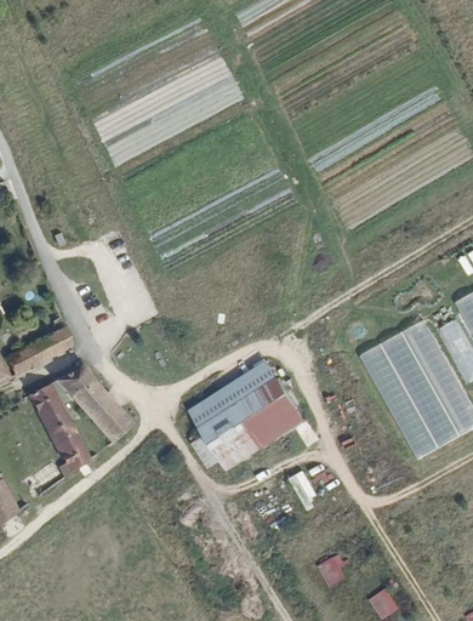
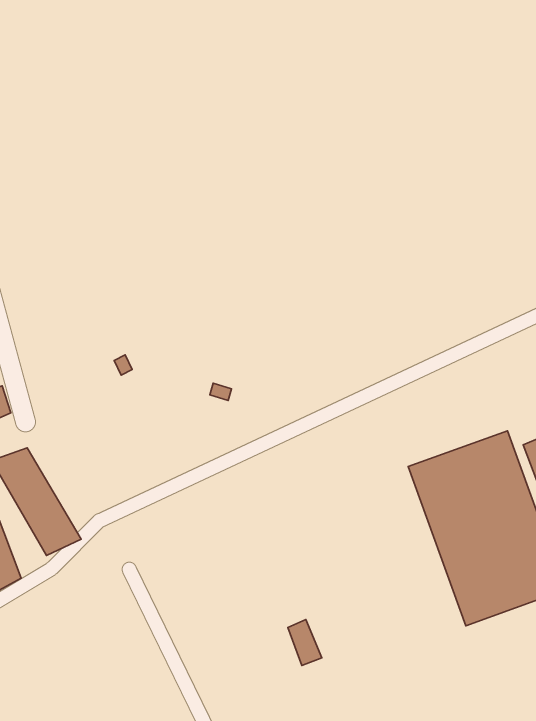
building: [189,359,307,471] -> none

